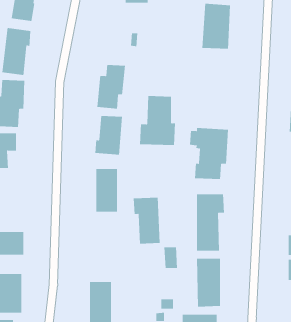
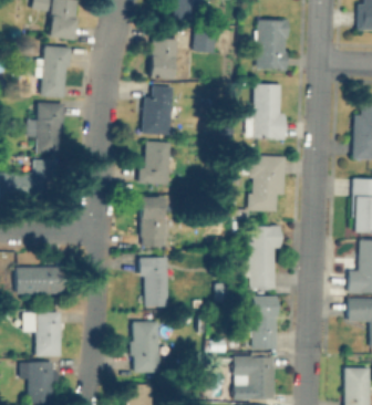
building: none -> [149,28,177,80]
building: none -> [193,29,217,53]
building: [139,95,176,145] -> [246,83,286,137]
building: [133,197,160,244] -> [139,257,169,308]

